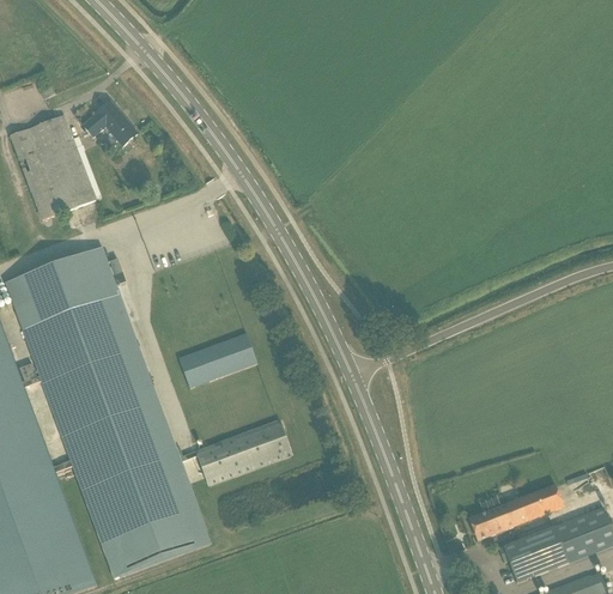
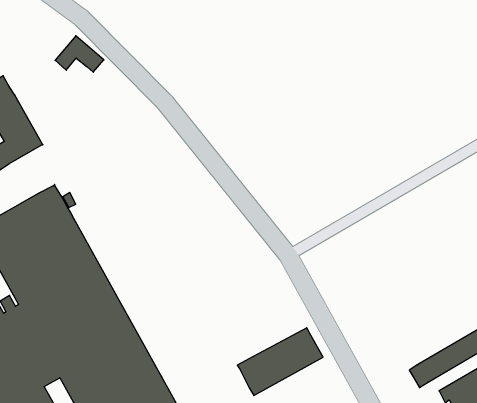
building: [80,101,135,145] -> [55,36,104,72]
building: [177,332,255,388] -> none
building: [193,419,291,486] -> [237,328,323,396]

